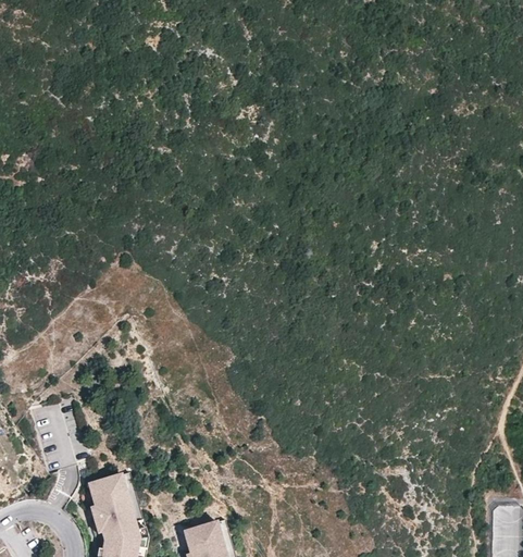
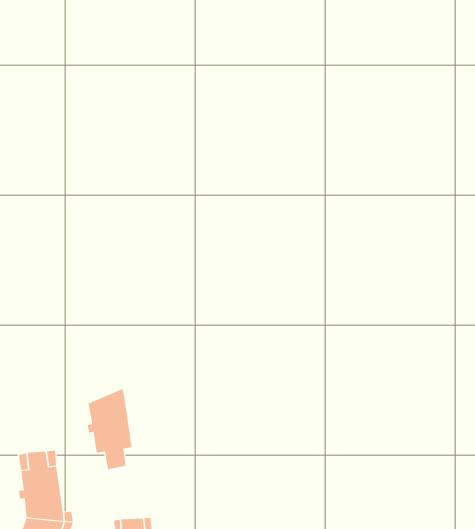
building: none -> [87,388,132,470]

